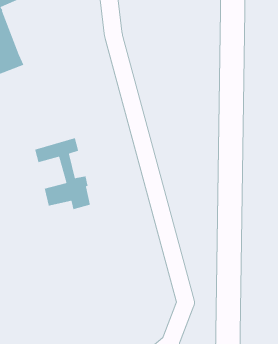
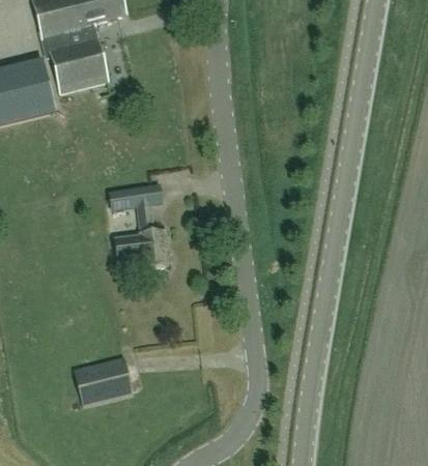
building: none -> [73,357,132,406]

